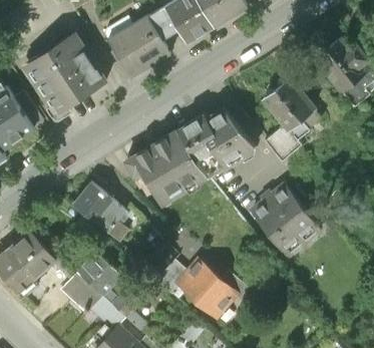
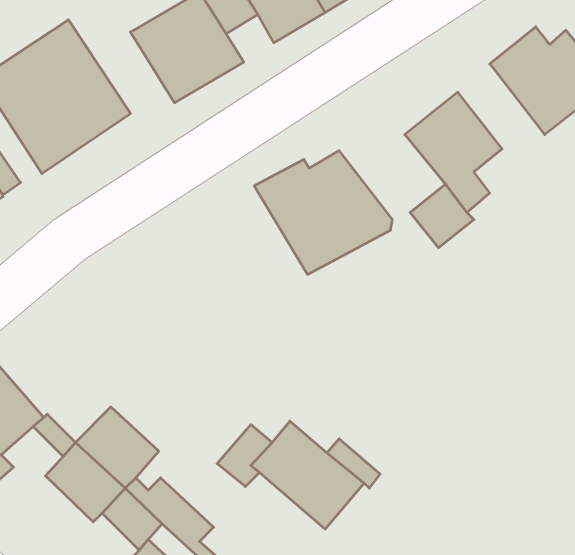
building: [122,125,207,203] -> none
building: [249,182,323,260] -> none
building: [71,184,127,244] -> none

